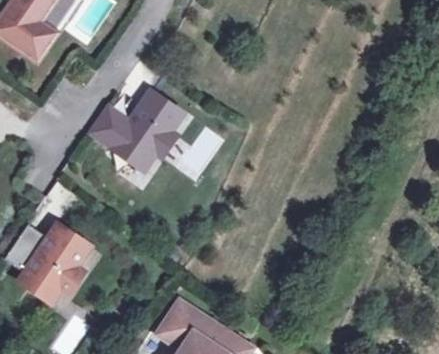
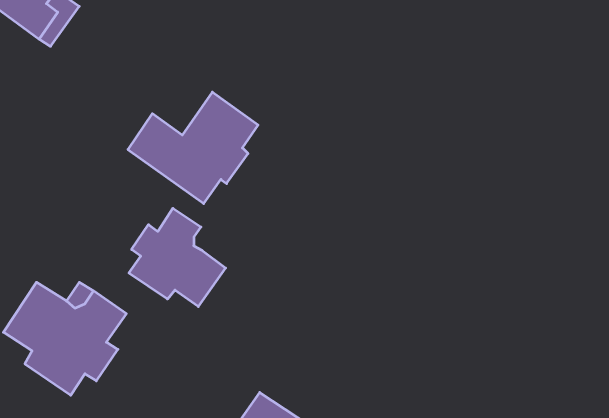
building: none -> [129,208,226,307]

